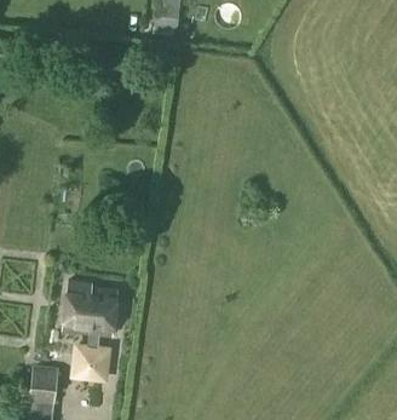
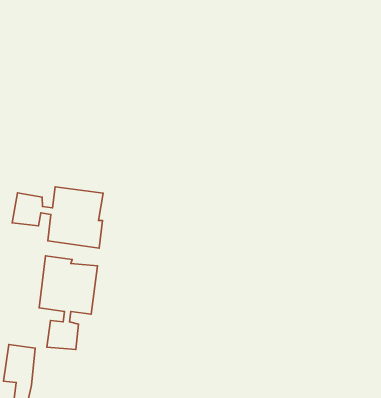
building: none -> [12,187,103,248]

